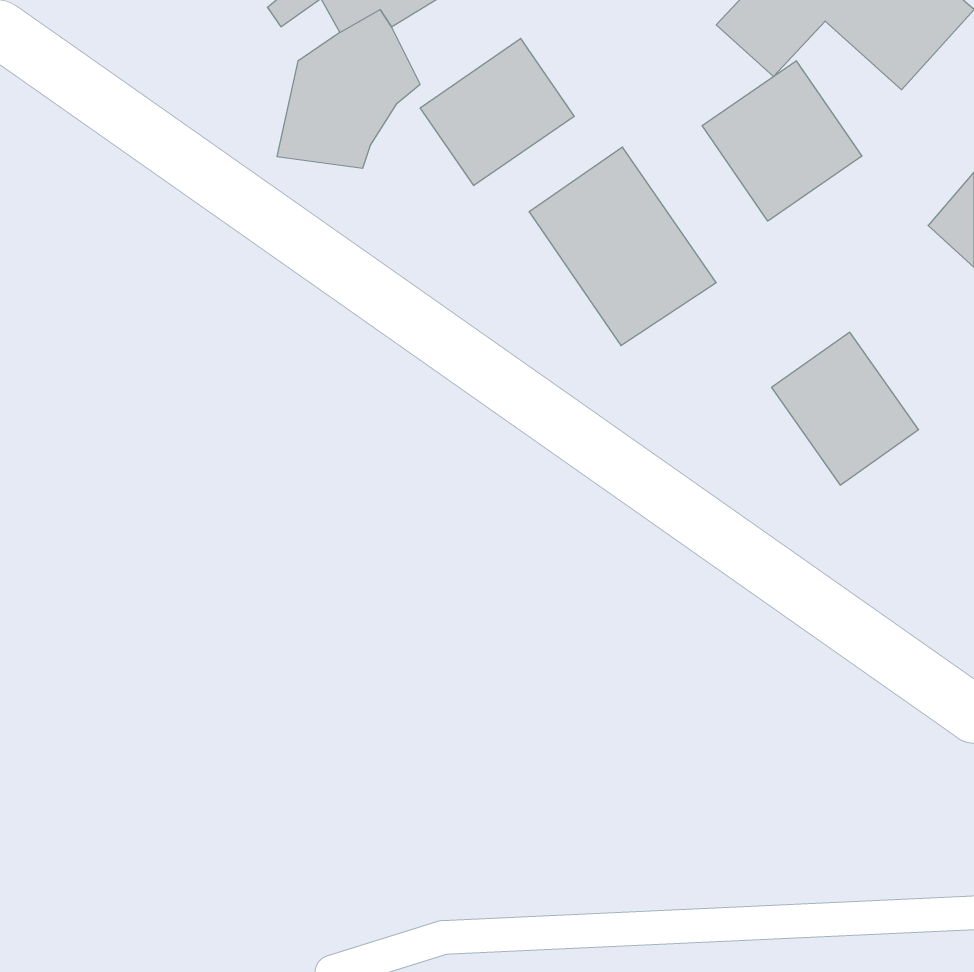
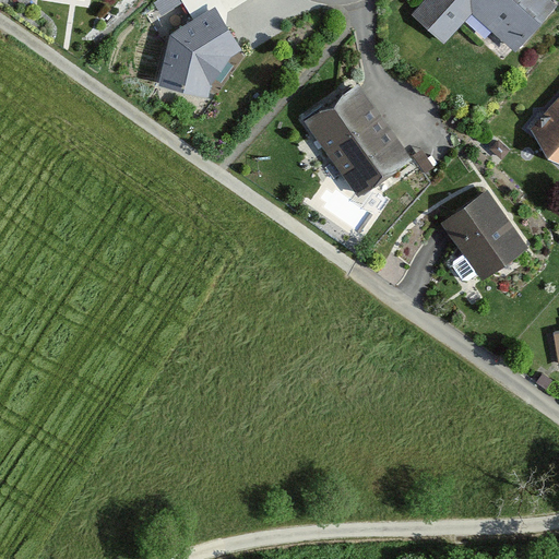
building: [420,38,574,186] -> none
building: [702,61,862,221] -> none

